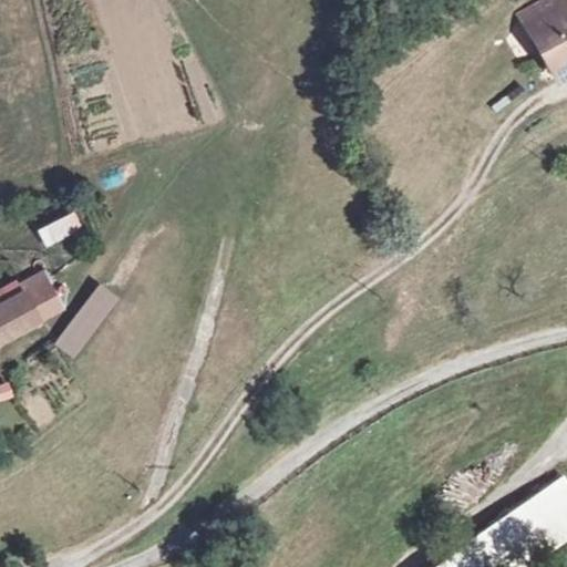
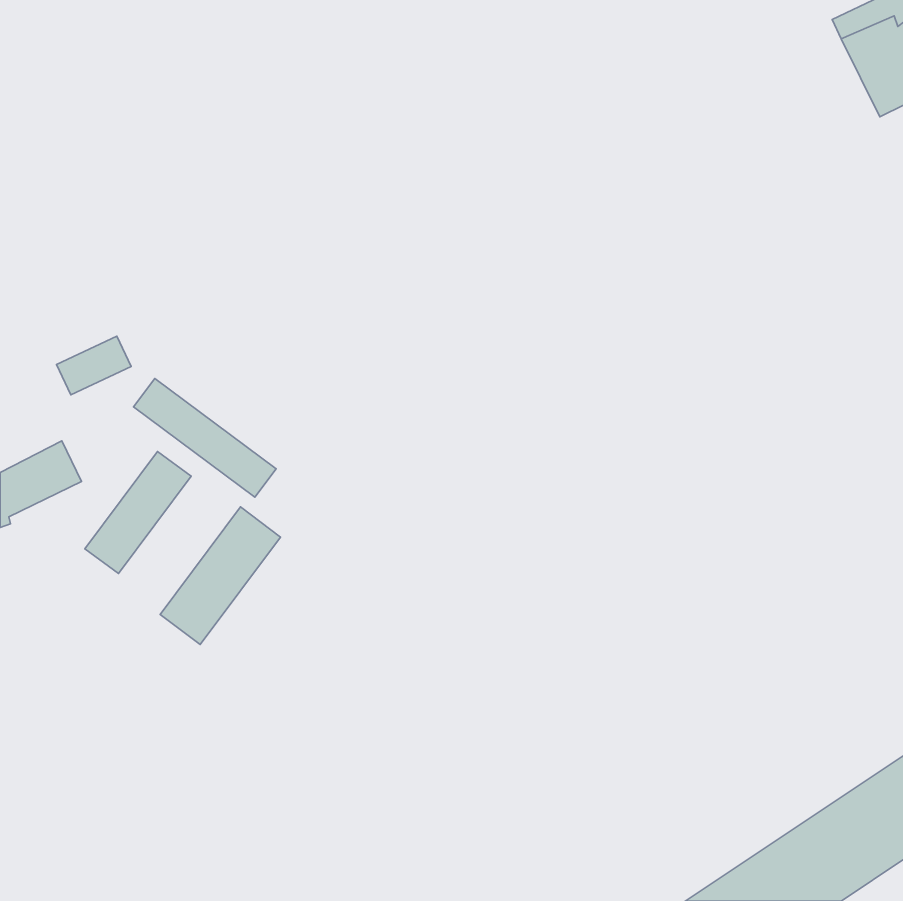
building: none -> [133,379,276,497]
building: none -> [160,507,280,645]

